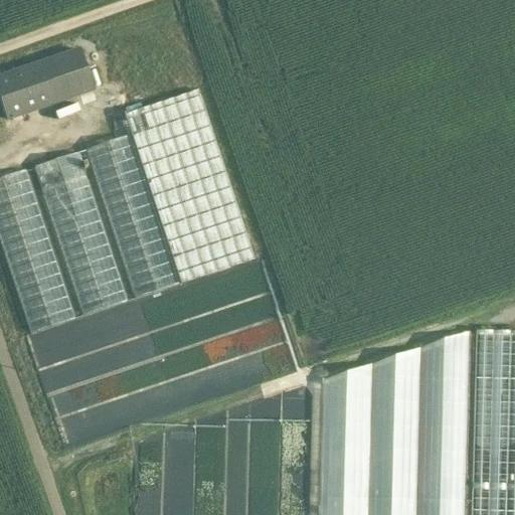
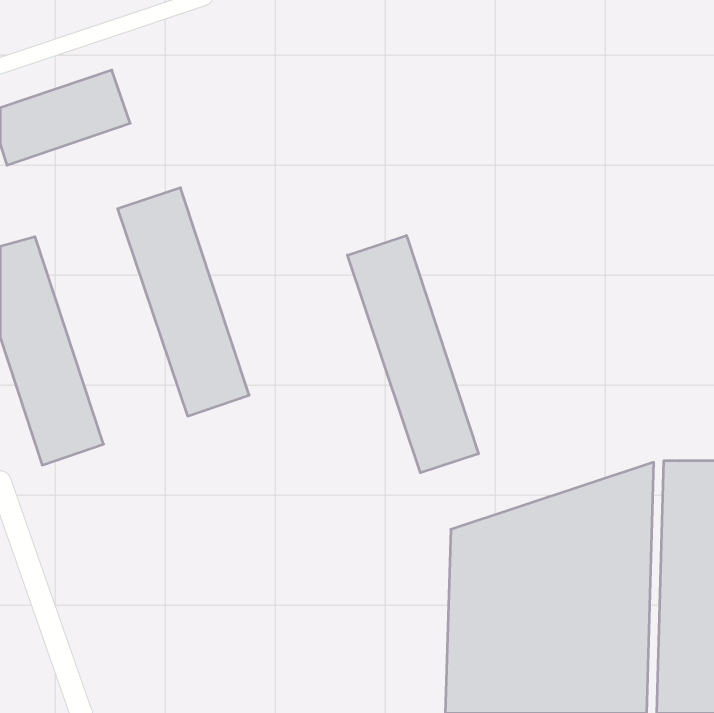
building: [125,90,254,284] -> none
building: [33,152,128,317] -> none
building: none -> [347,235,478,473]

